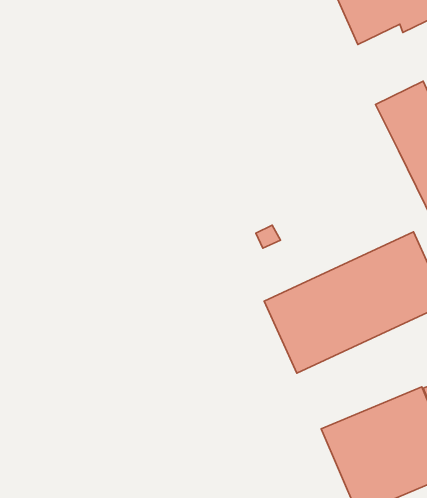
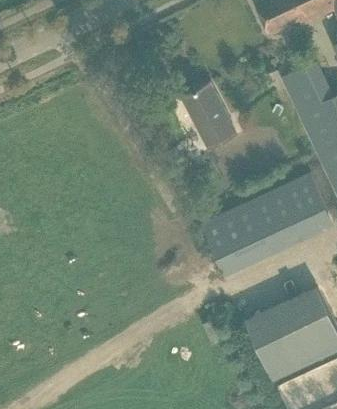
building: none -> [183,86,236,148]

